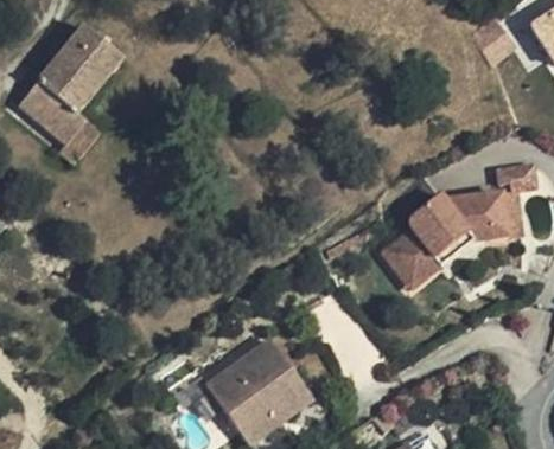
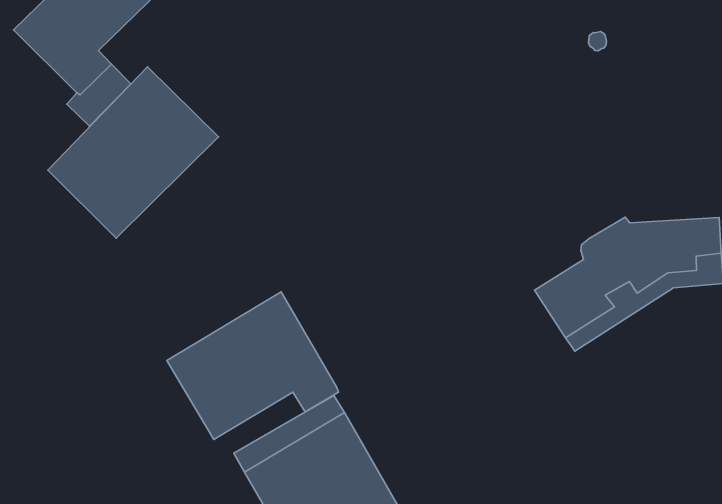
building: none -> [48,67,219,238]
building: none -> [167,292,339,439]

